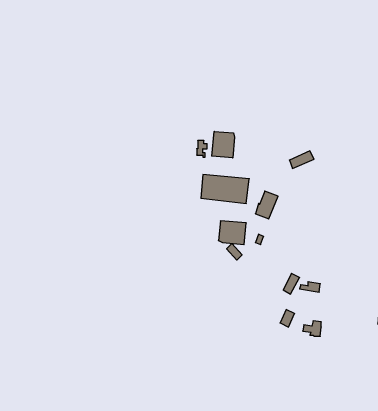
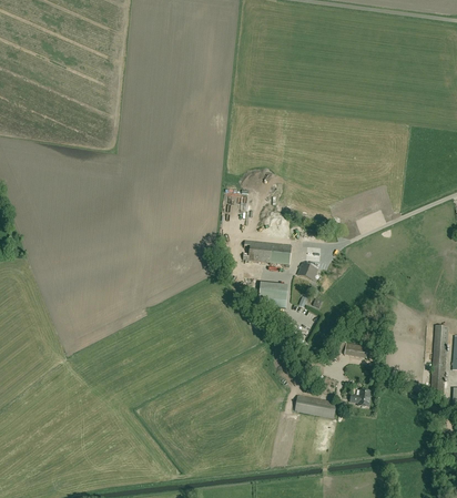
building: [212,131,235,158] -> none
building: none -> [295,395,336,418]

